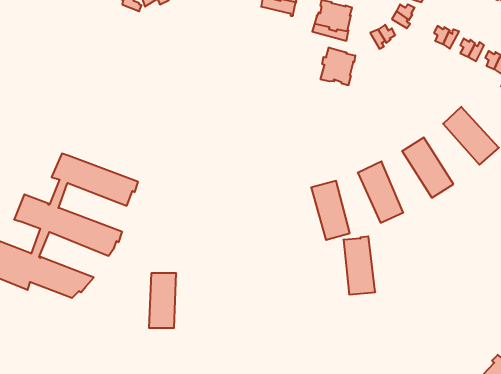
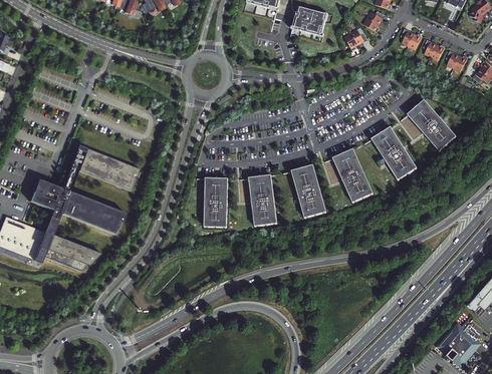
building: [321,47,355,85] -> none
building: [343,236,375,294] -> [248,174,276,226]
building: [149,273,176,328] -> [203,178,227,227]

